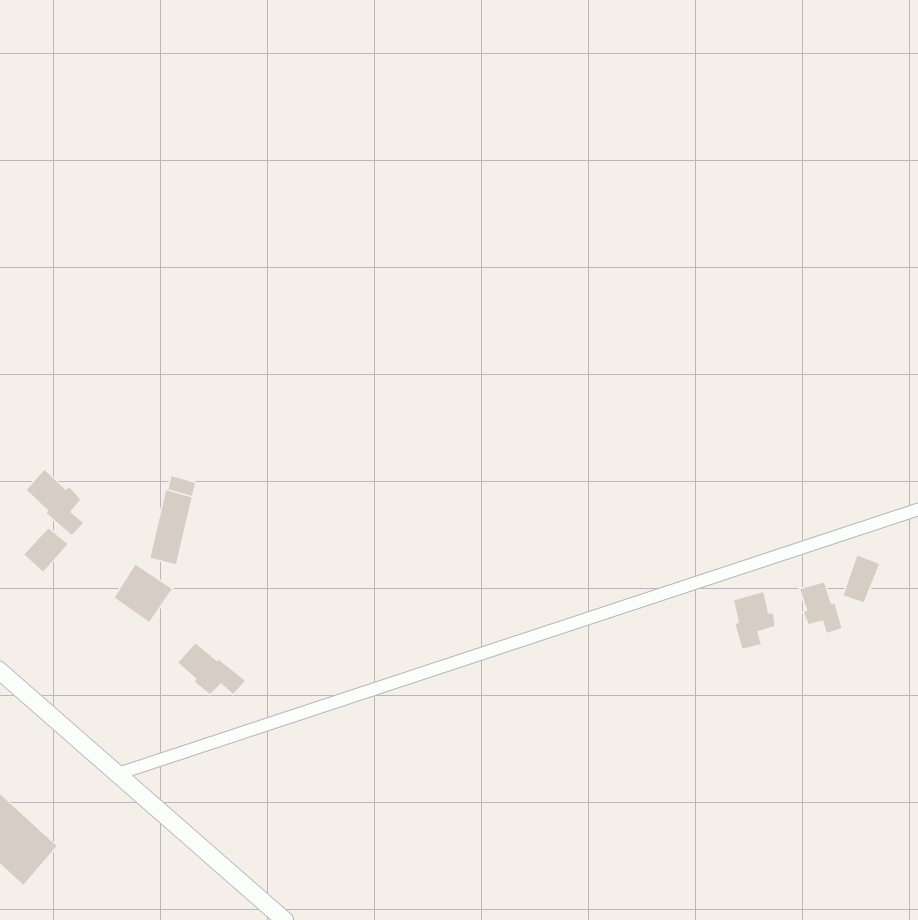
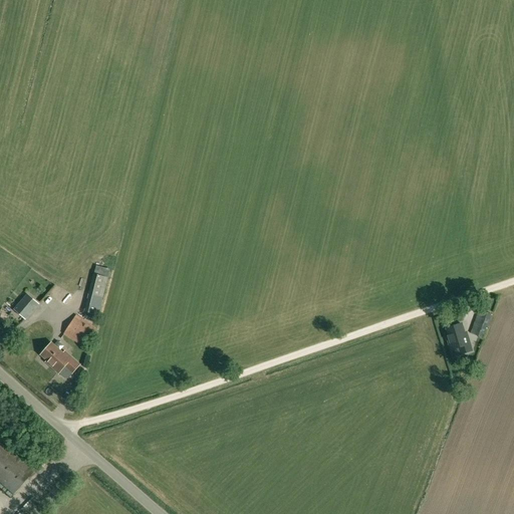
building: [26,469,84,536] -> none
building: [733,591,775,649] -> none
building: [177,643,246,695] -> [41,342,79,371]

